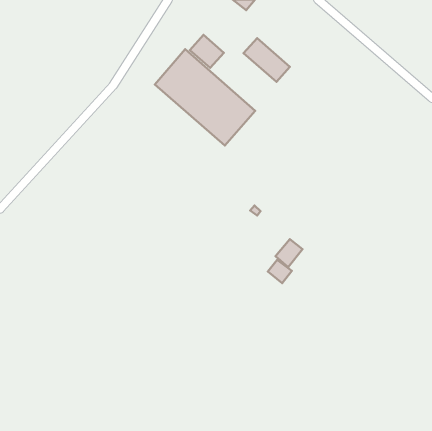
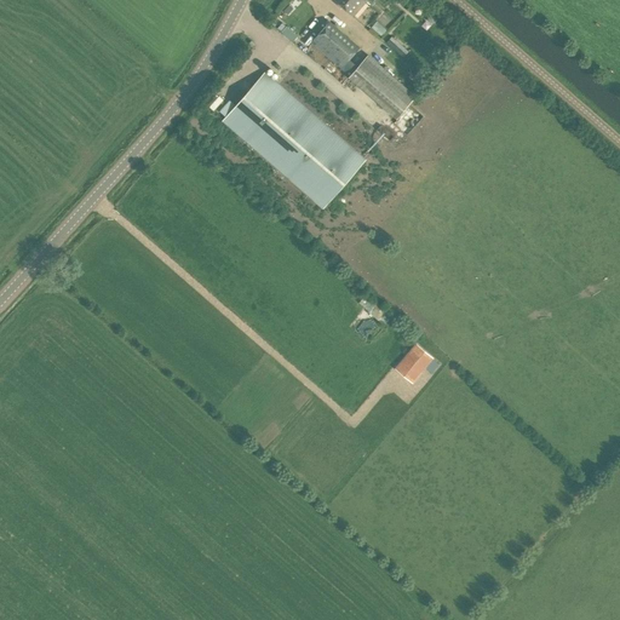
building: [190,35,224,68] -> [310,21,358,68]
building: [268,260,292,283] -> none

